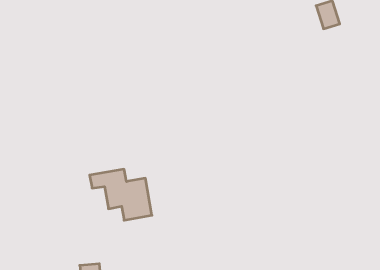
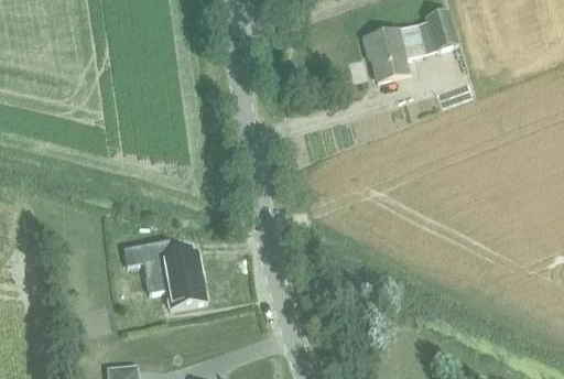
building: none -> [362,24,425,79]

